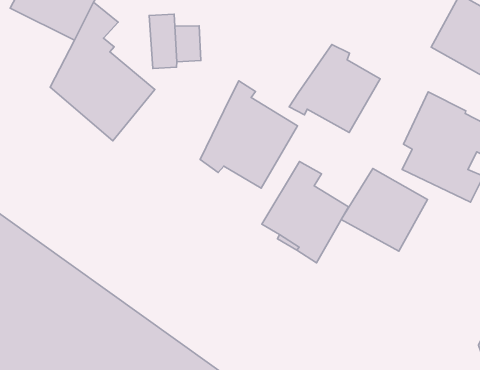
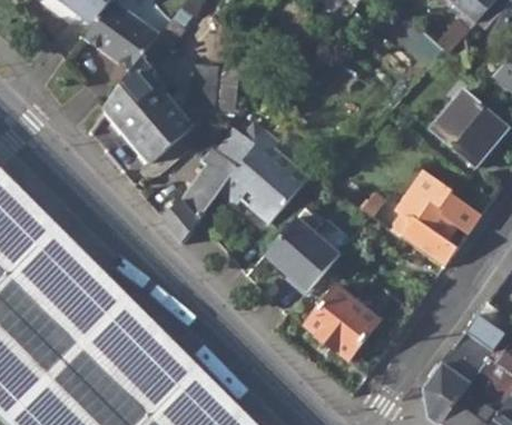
building: [289,45,380,132] -> none
building: none -> [160,131,255,246]
building: [341,169,427,251] -> [304,289,378,362]

